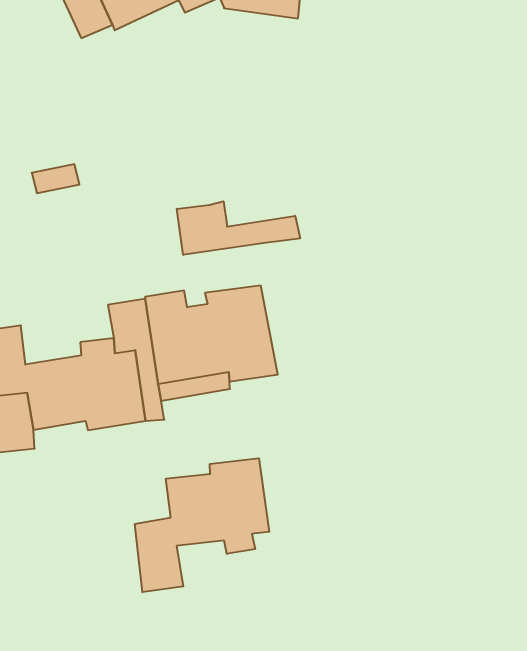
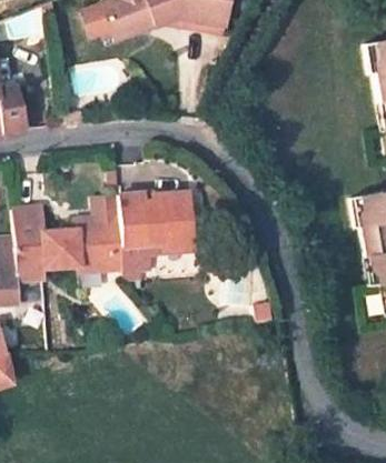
building: [177,201,300,255] -> none
building: [135,458,269,592] -> none

